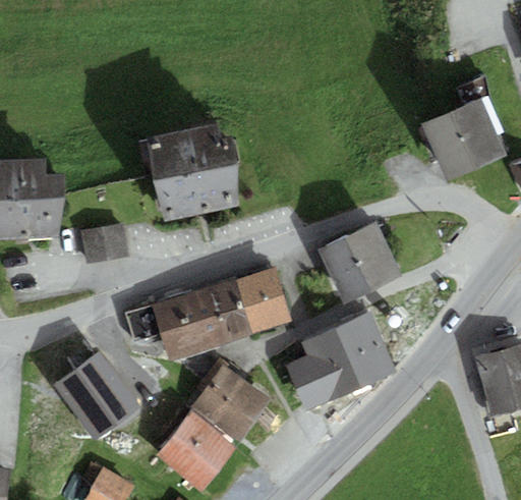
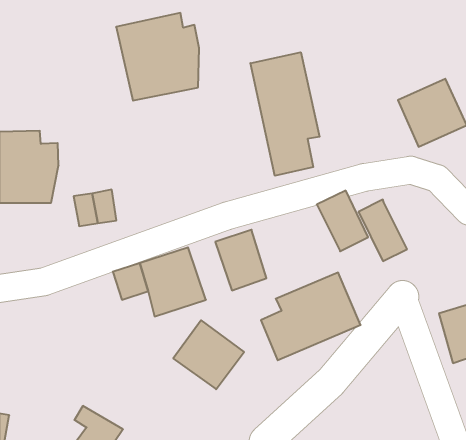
building: none -> [250,52,320,176]
building: [147,123,237,219] -> [116,13,199,101]
building: [319,236,371,303] -> [359,200,407,261]
building: [206,277,253,343] -> none
building: [52,352,140,442] -> none
building: [156,413,232,490] -> none

